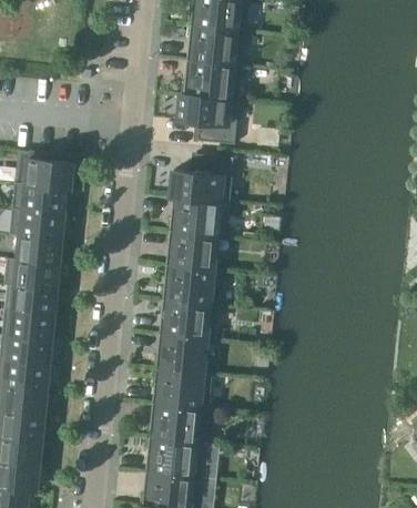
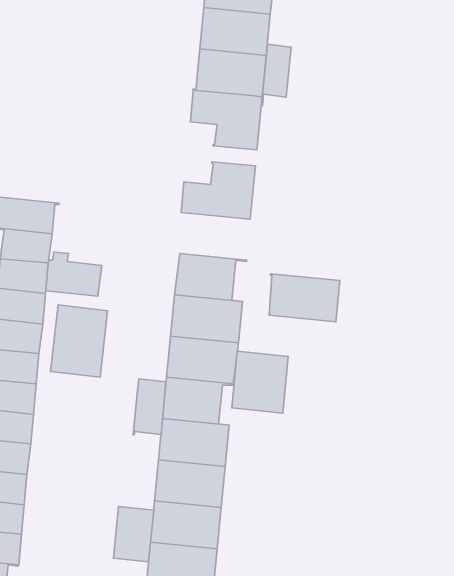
building: none -> [261,44,291,105]
building: [26,152,72,189] -> [46,252,102,296]
building: [170,196,228,236] -> [269,274,340,322]
building: none -> [51,305,108,377]
building: none -> [232,351,288,413]
building: none -> [133,379,166,435]
building: none -> [113,506,154,562]

